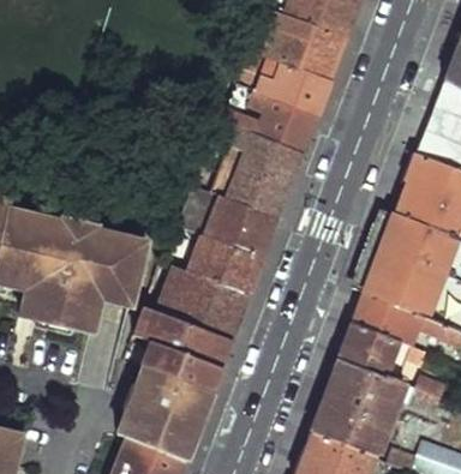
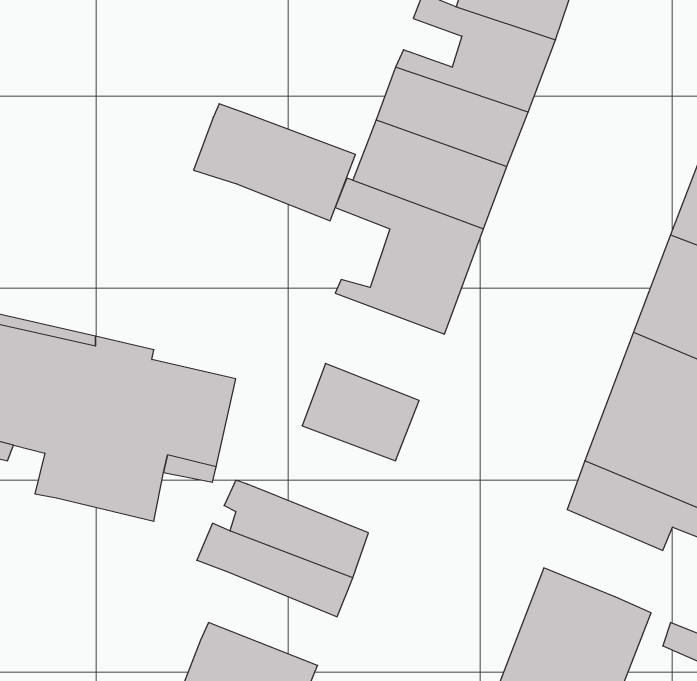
building: [179,184,279,256] -> [194,104,355,221]
building: [157,266,249,337] -> none
building: [340,323,426,377] -> none
building: [133,361,212,419] -> none

